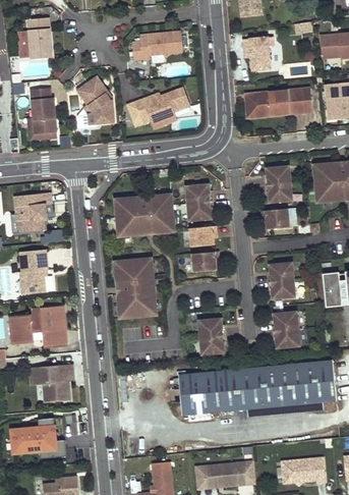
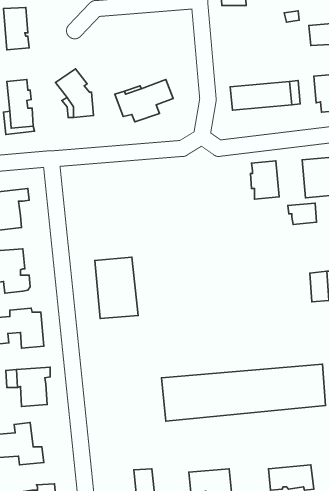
building: [138,32,181,59] -> none
building: [242,37,272,70] -> none
building: [184,184,213,221] -> none
building: [114,195,173,236] -> none
building: [260,209,288,229] -> [288,203,316,224]
building: [188,226,216,246] -> none
building: [191,252,218,272] -> none
building: [267,263,294,299] -> none
building: [271,312,299,348] -> none
building: [197,319,225,354] -> none

